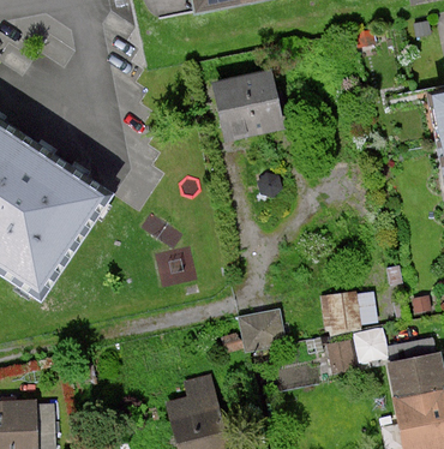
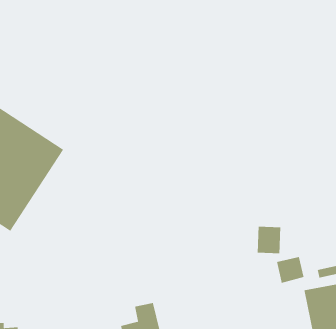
building: [211,77,282,137] -> none
building: [238,301,286,345] -> none

